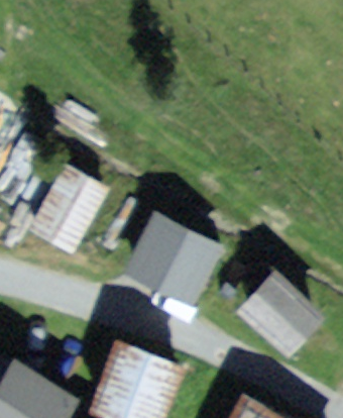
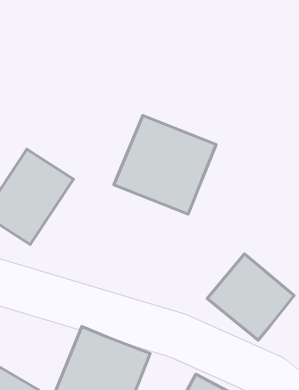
building: [128,213,228,309] -> [114,115,216,214]

